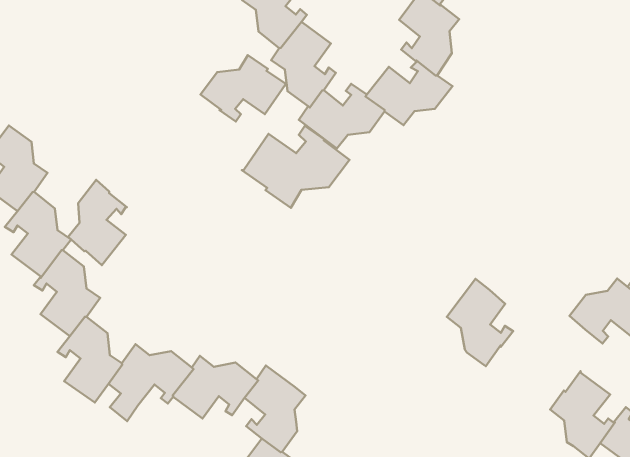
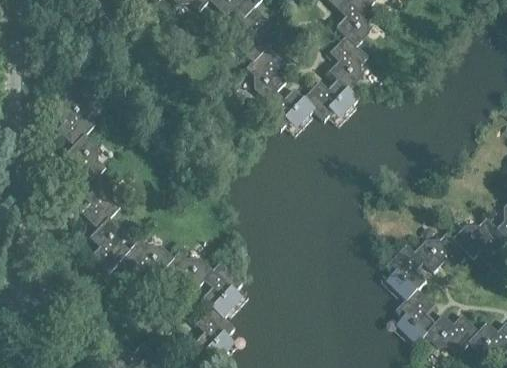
building: [201,55,287,121] -> none
building: [242,126,349,208] -> none
building: [68,180,127,265] -> none
building: [447,279,513,366] -> [386,244,427,300]

